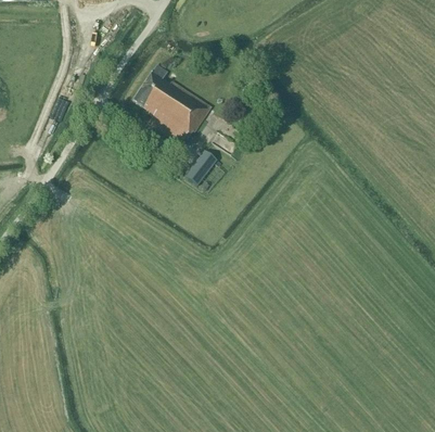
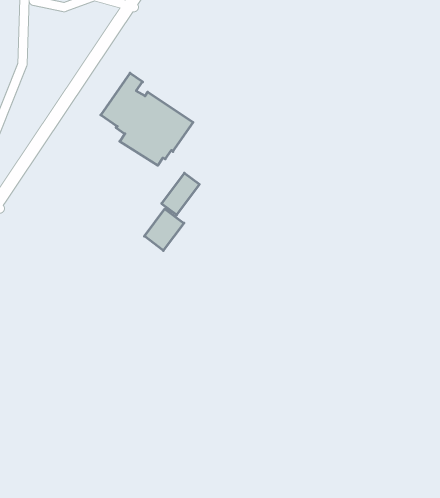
building: none -> [144,209,184,251]

